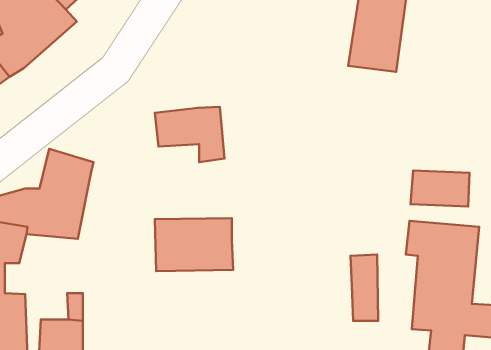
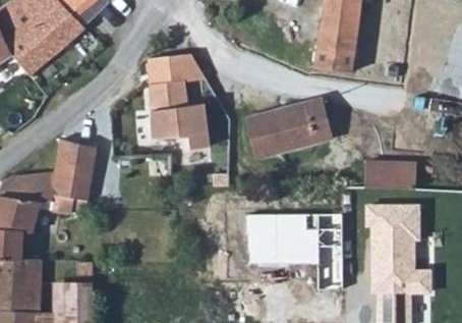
building: none -> [147,54,205,108]
building: none -> [246,102,333,159]
building: [155,218,233,271] -> [250,211,316,256]

